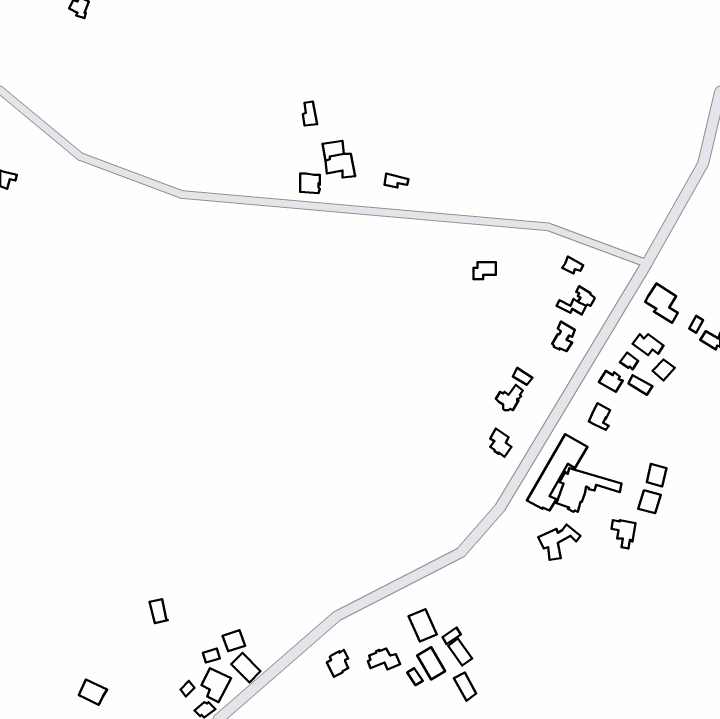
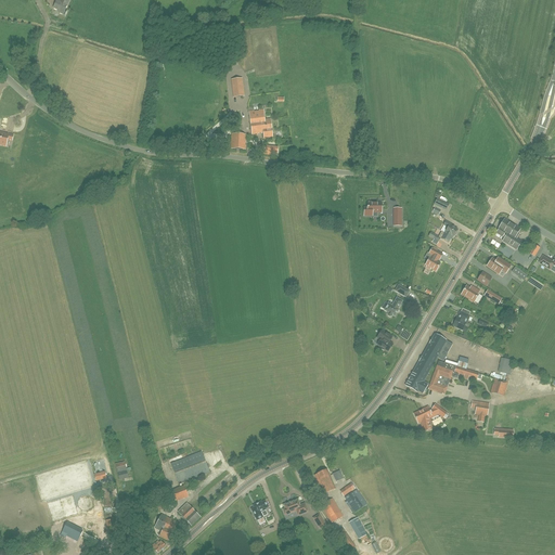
building: none -> [170,451,209,483]

